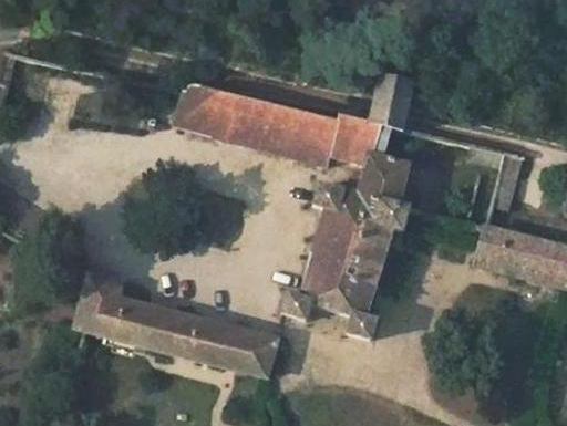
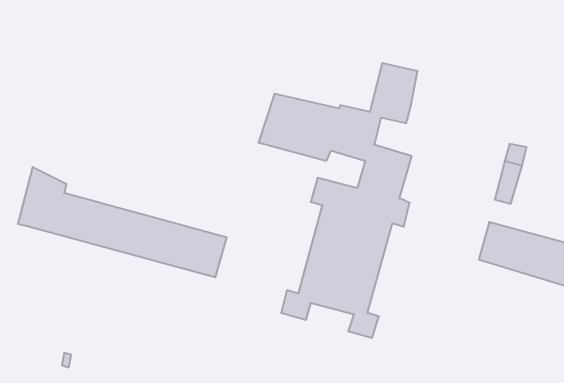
building: [175,82,277,149] -> none
building: [75,271,279,378] -> [18,167,227,277]

